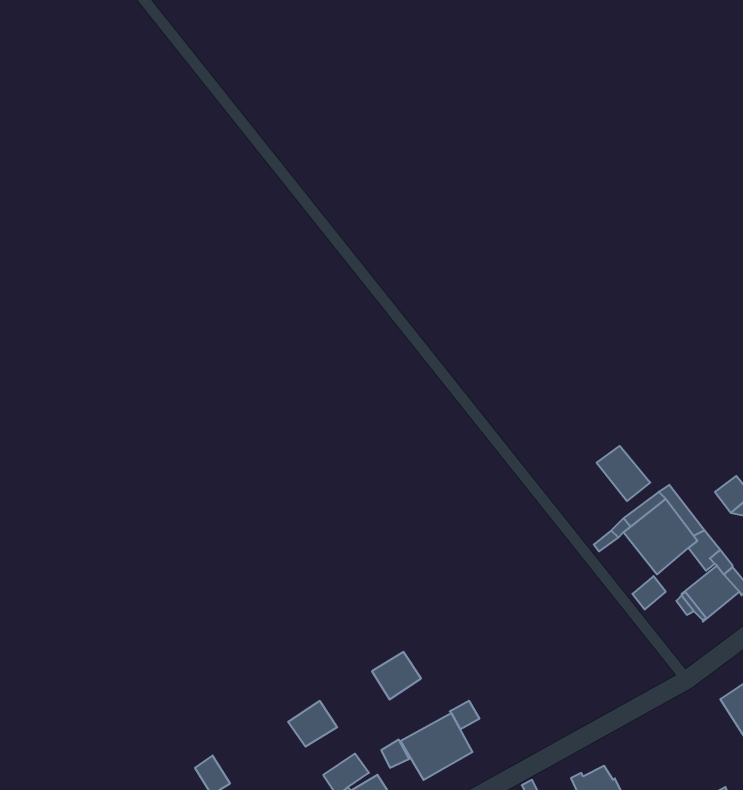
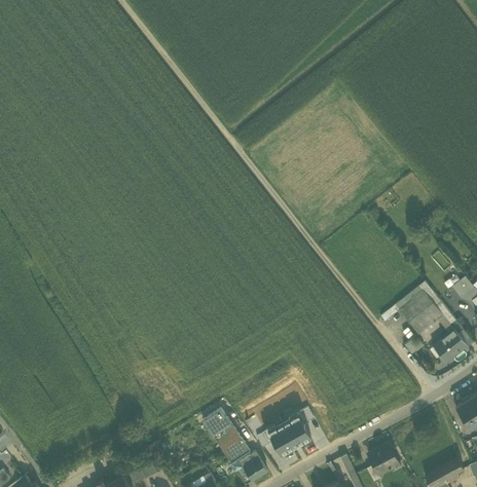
building: [597,446,650,501] -> none
building: [372,652,421,699] -> [213,425,242,453]

